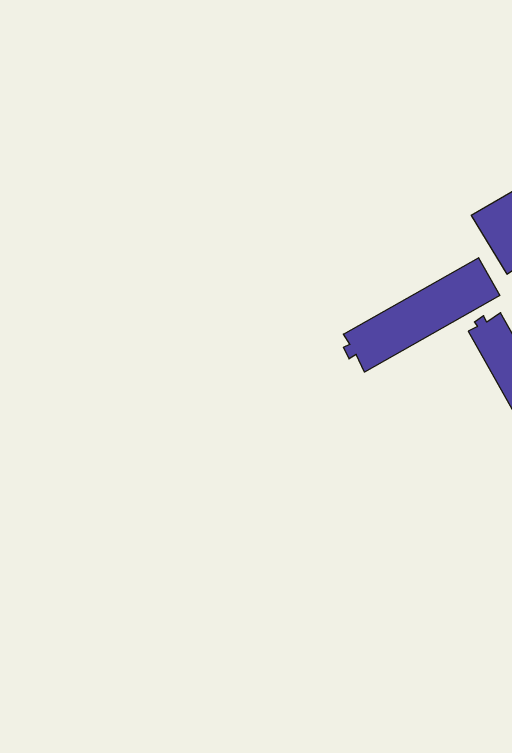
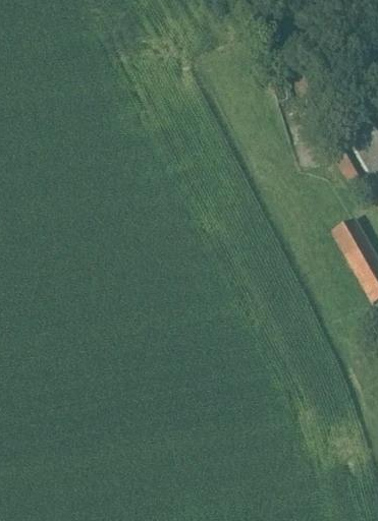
building: [343,258,500,372] -> none

